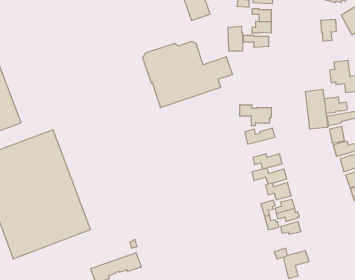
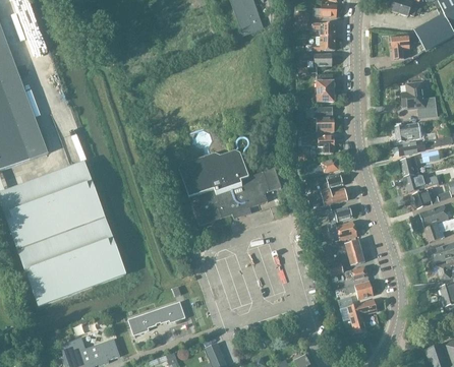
building: [228,27,243,51] -> [316,73,333,101]
building: [143,42,233,108] -> [178,149,281,225]
building: none -> [305,107,334,131]
building: [305,89,328,129] -> none
building: none -> [304,173,342,192]
building: none -> [335,281,373,299]

